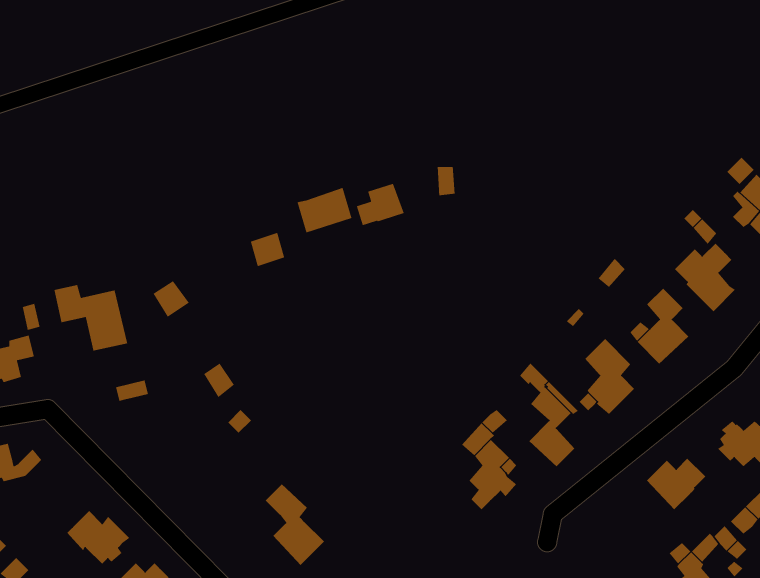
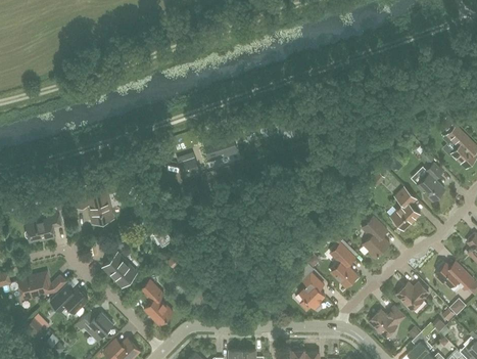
building: [356,183,405,226] -> none
building: none -> [104,253,138,285]
building: none -> [51,285,89,316]
building: [265,484,325,566] -> [141,279,174,324]
building: none -> [370,305,404,335]

